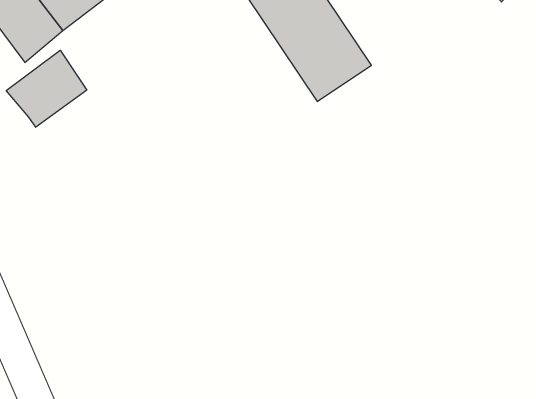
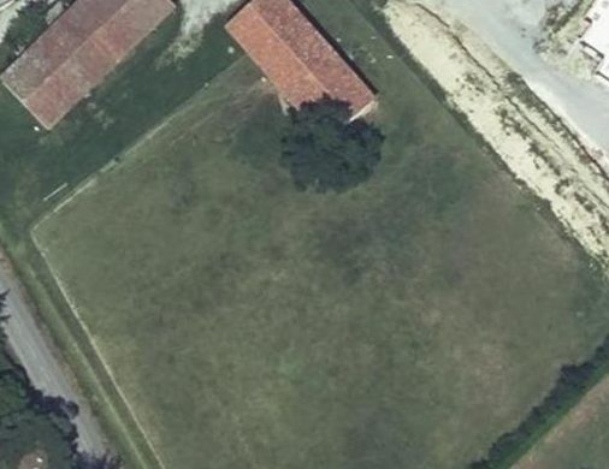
building: [6,50,87,127] -> none

